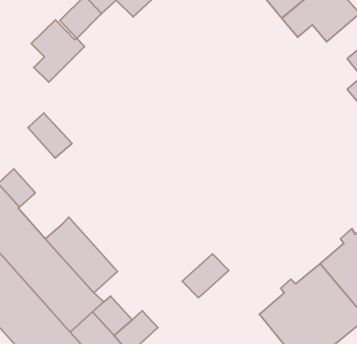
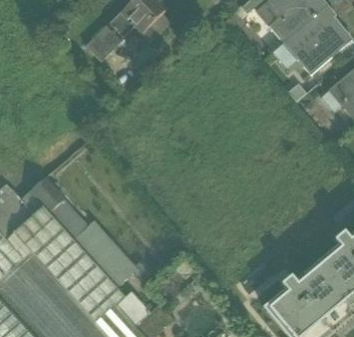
building: [31,20,84,82] -> none
building: [28,113,72,158] -> [48,201,87,241]
building: [182,254,229,298] -> none

